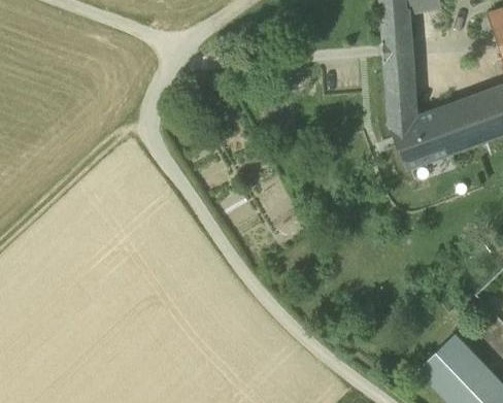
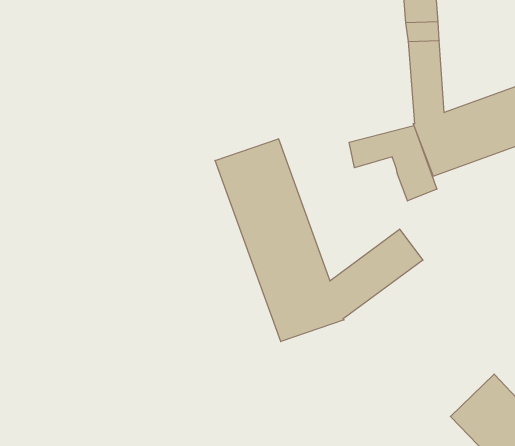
building: none -> [349,125,437,201]
building: none -> [215,139,423,342]

